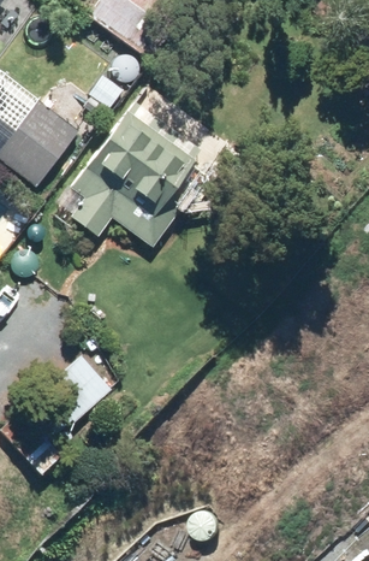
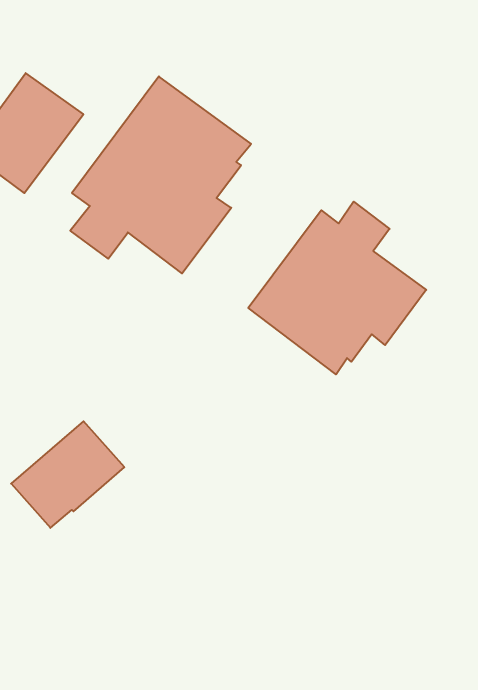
building: none -> [248,202,426,374]

